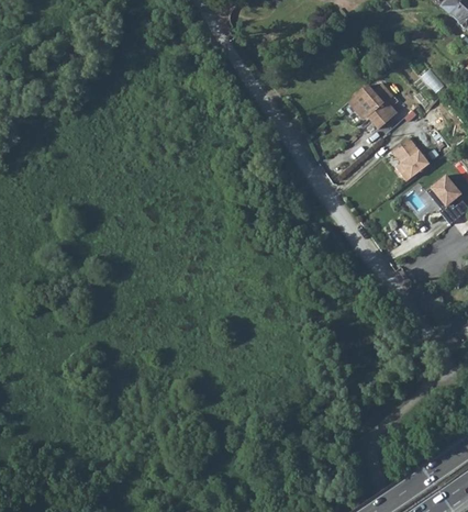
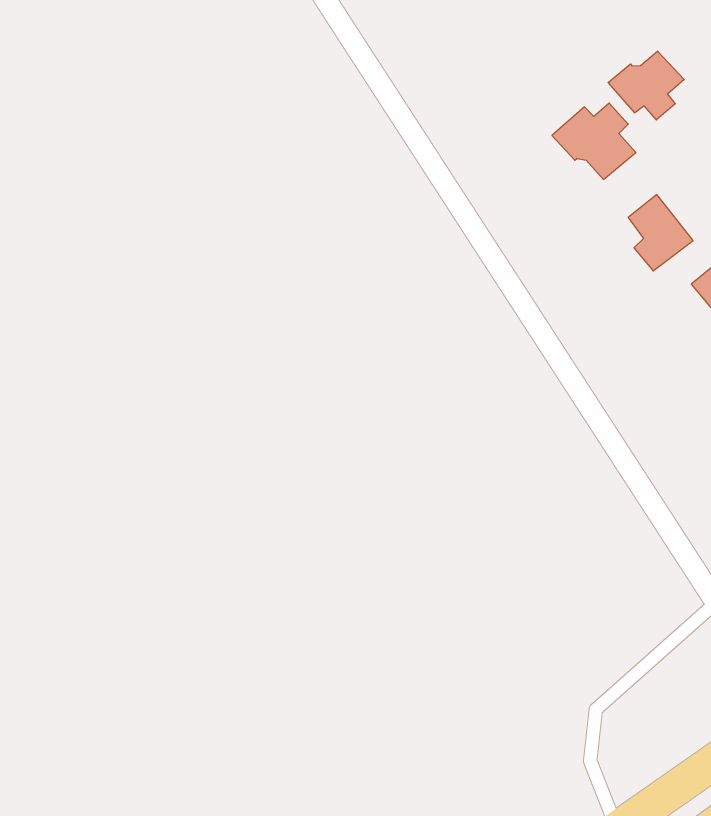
building: none -> [608,51,684,120]

